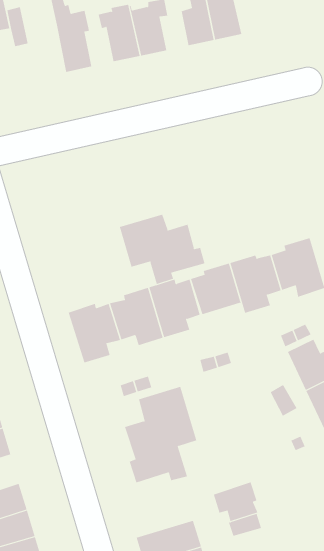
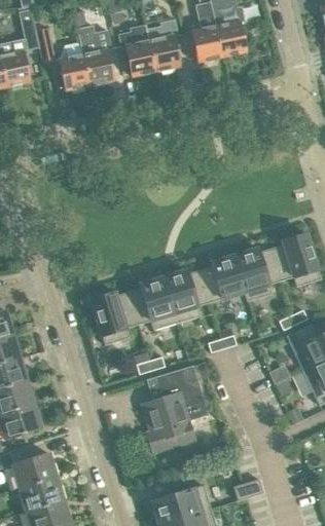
building: none -> [59,43,88,90]
building: [119,214,205,285] -> none
building: [213,481,258,522] -> none

